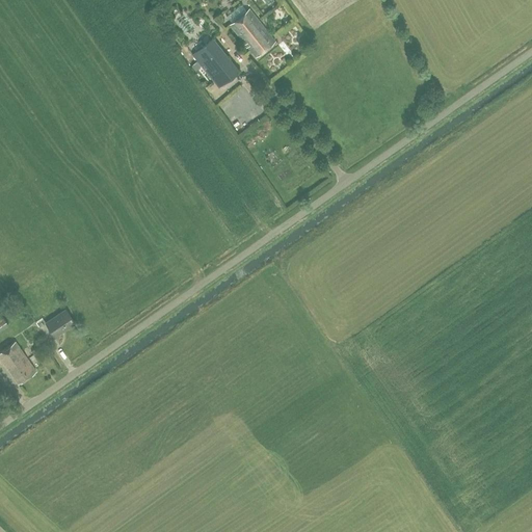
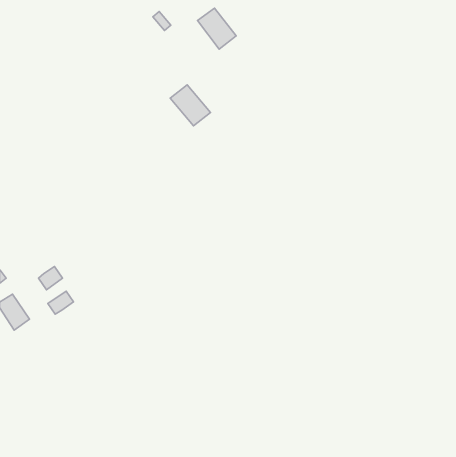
building: [191,38,238,86] -> [170,85,210,126]
building: none -> [48,291,74,314]

